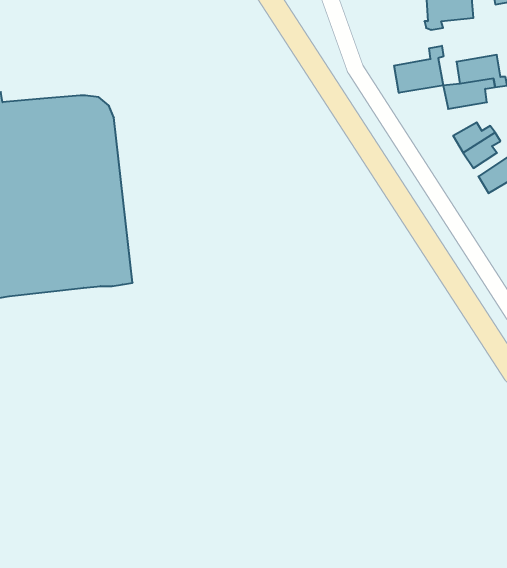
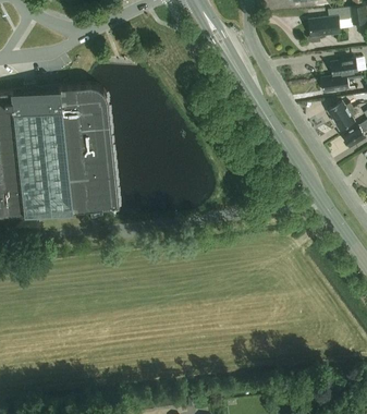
building: [394,46,443,93] -> none

